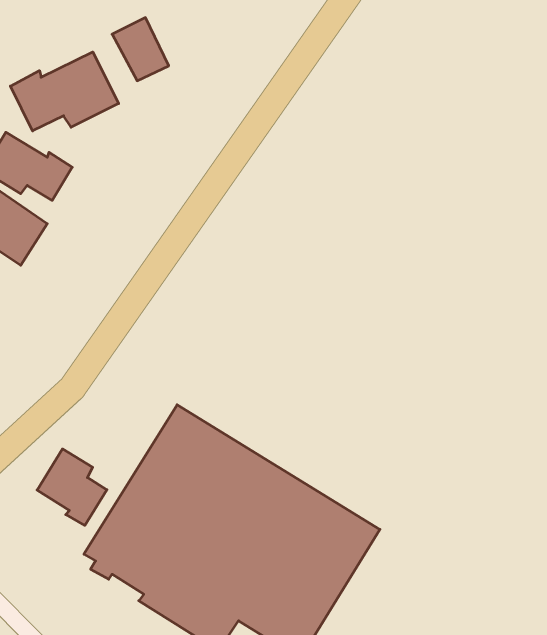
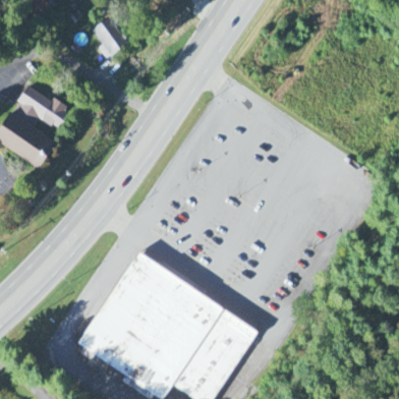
building: [10,52,119,131] -> none
building: [37,449,107,525] -> none

